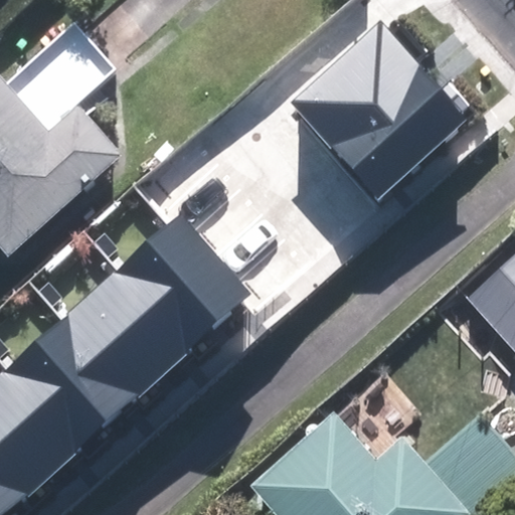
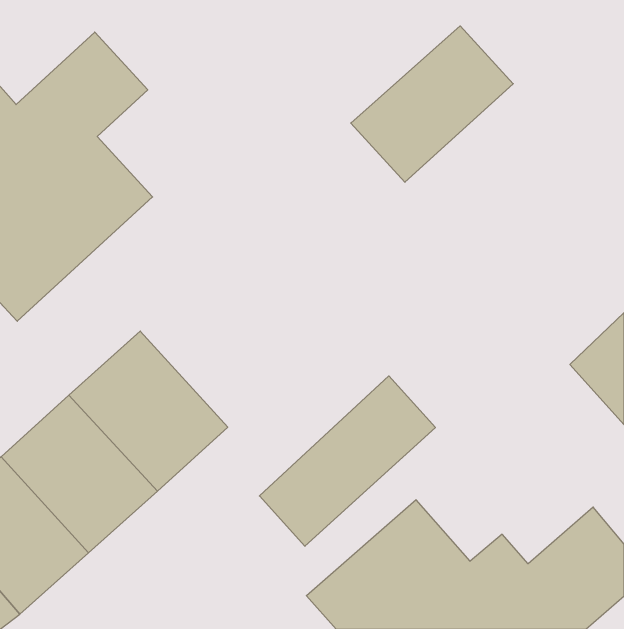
building: [331,68,467,201] -> none
building: [115,215,247,349] -> none
building: none -> [259,376,435,546]

